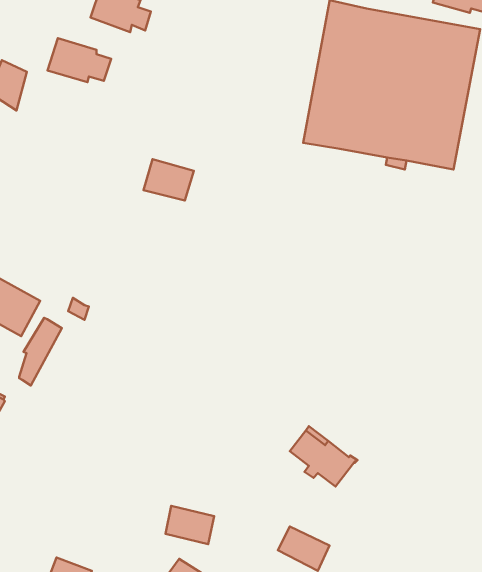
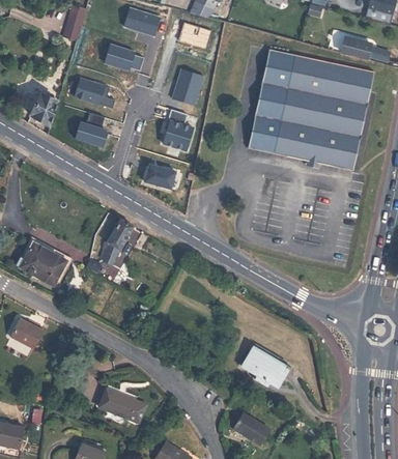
building: none -> [169,67,202,105]
building: none -> [160,109,195,150]
building: none -> [74,112,107,146]
building: [19,318,62,386] -> [103,218,133,265]
building: [165,506,214,544] -> [103,385,137,412]

